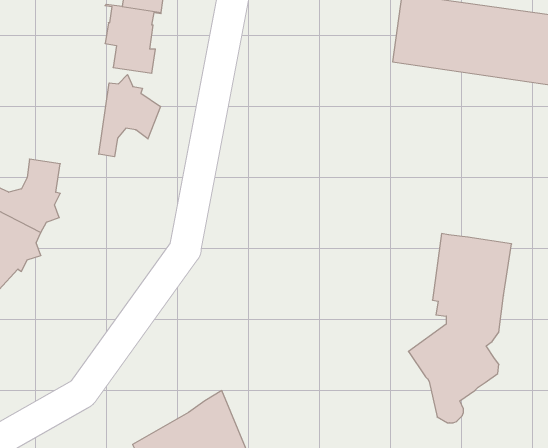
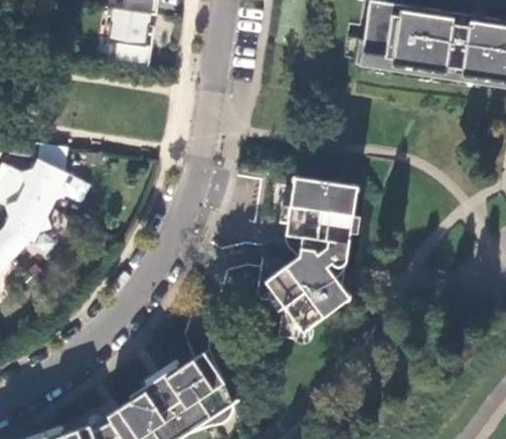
building: [99,75,161,157] -> none
building: [408,234,512,423] -> [266,178,356,344]

